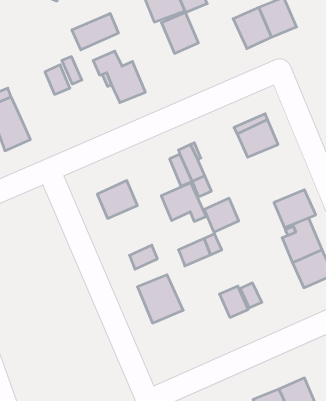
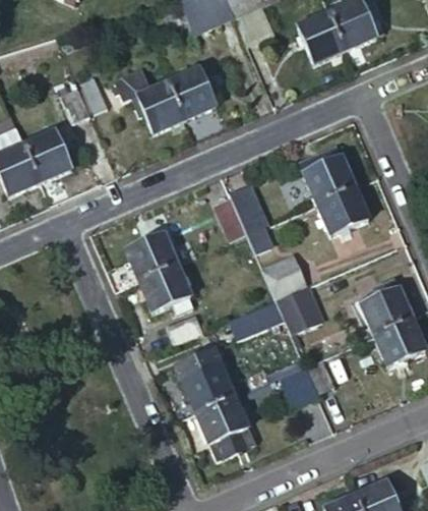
building: [161,12,198,53] -> [171,67,218,119]
building: [72,13,118,50] -> none
building: none -> [25,128,73,179]
building: [161,183,206,221] -> [139,263,196,311]
building: [274,190,316,228] -> [316,185,369,233]
building: none -> [284,287,320,326]
building: none -> [196,395,256,460]

